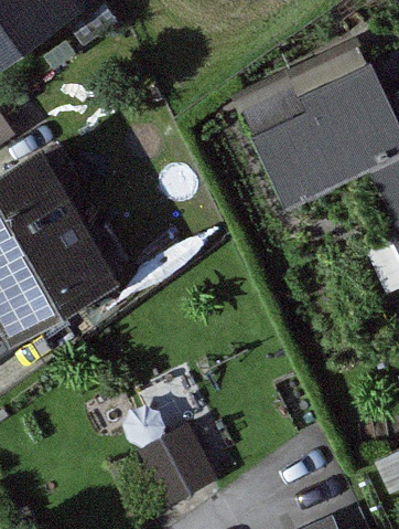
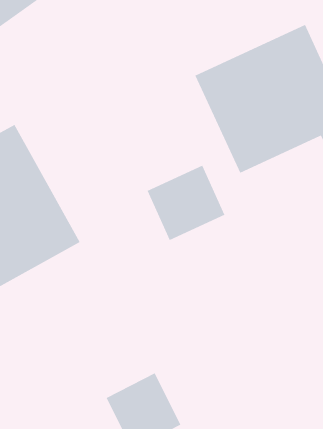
building: none -> [147,165,225,241]

